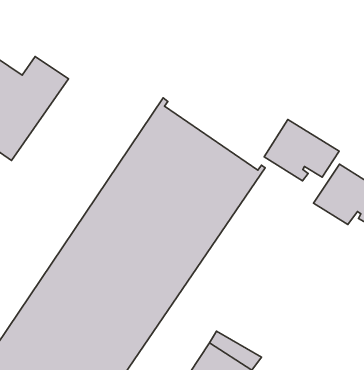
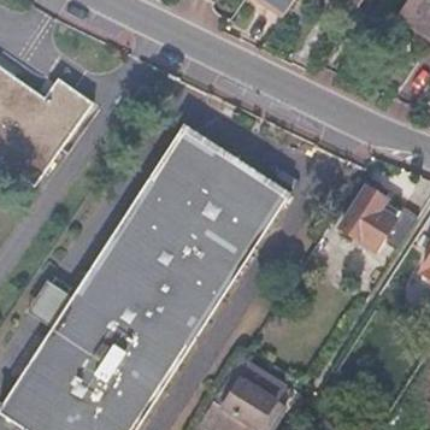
building: [264,119,339,181] -> none

